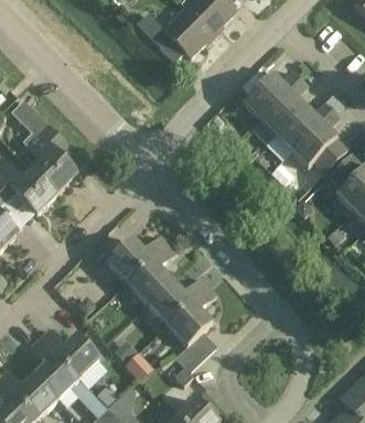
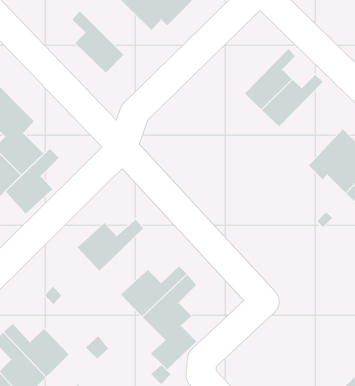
building: none -> [72,10,124,74]
building: [241,66,301,119] -> none
building: [292,108,348,172] -> none
building: [128,242,178,303] -> [5,148,59,215]

